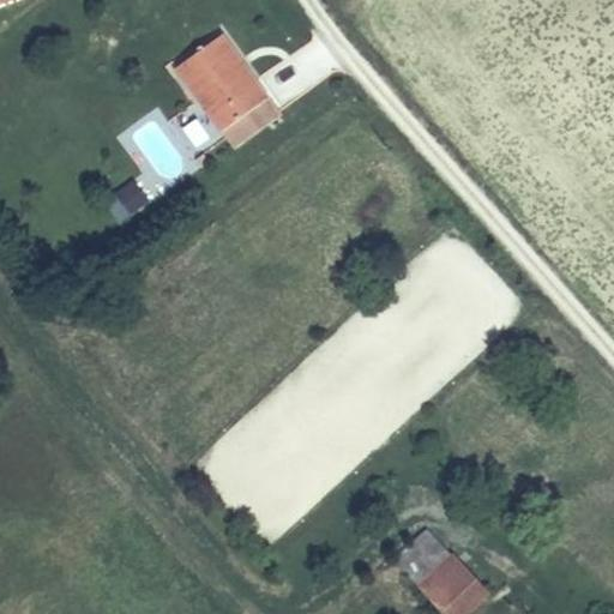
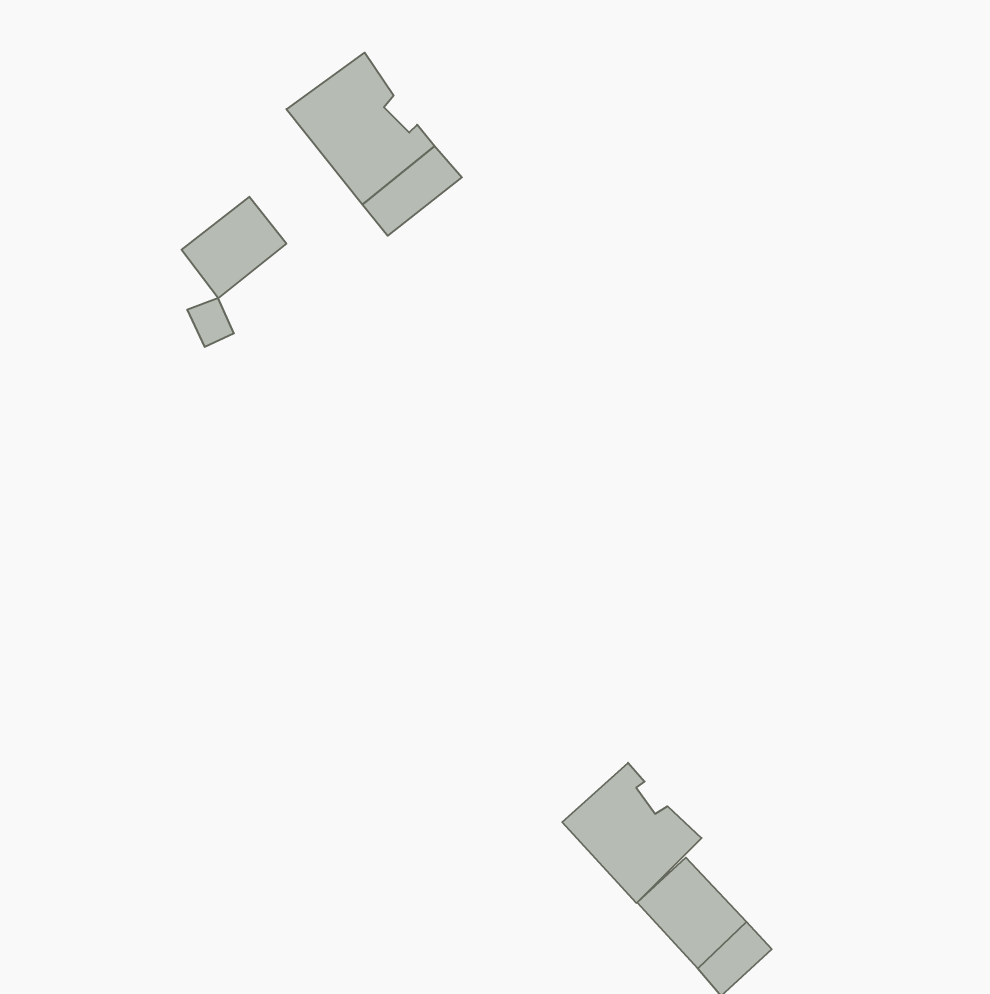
building: none -> [182,197,286,298]
building: none -> [562,763,702,903]

